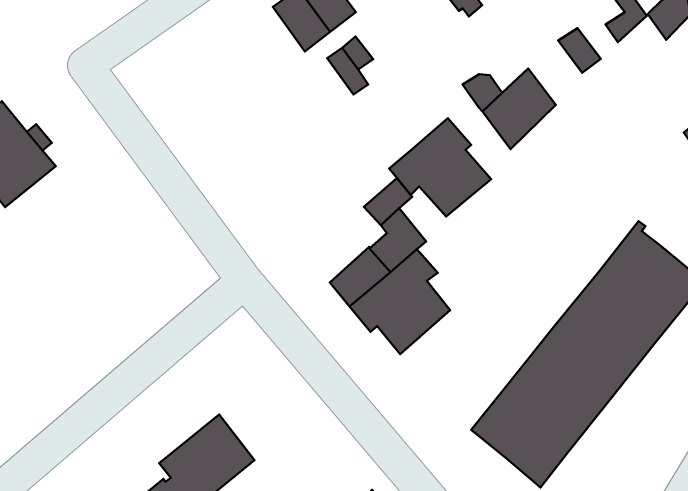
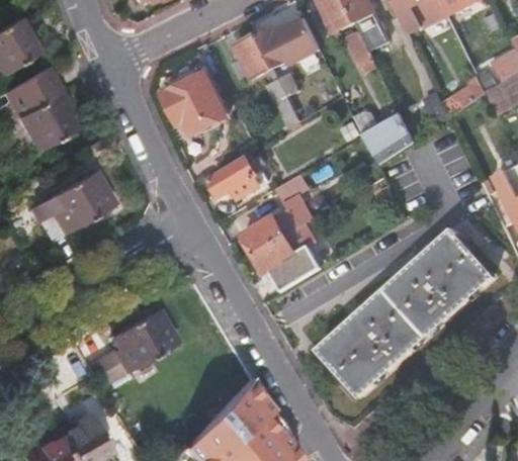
building: none -> [164,73,227,134]
building: [389,118,491,216] -> none
building: none -> [209,159,259,199]
building: none -> [41,172,116,243]

